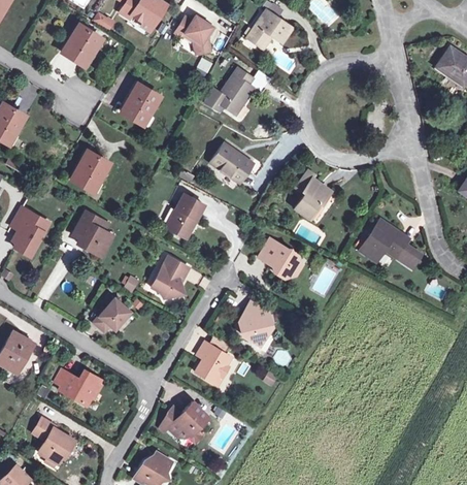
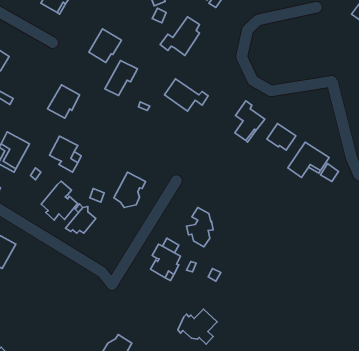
building: [165,194,204,236] -> [105,60,138,96]
building: none -> [267,123,296,150]
building: [258,238,302,279] -> none
building: none -> [41,181,78,220]
building: [52,369,101,406] -> none
building: [161,401,208,444] -> [178,309,217,344]
building: [30,417,73,464] -> none

